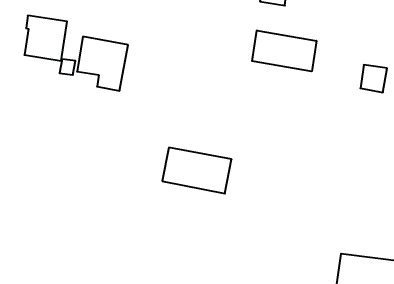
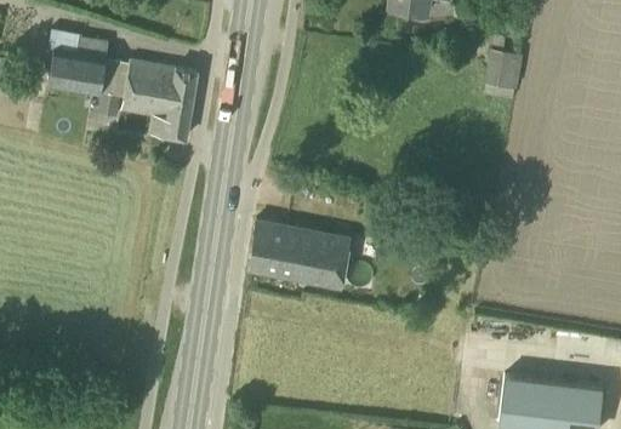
building: [252,30,316,71] -> none
building: [360,65,387,92] -> [485,50,524,90]

